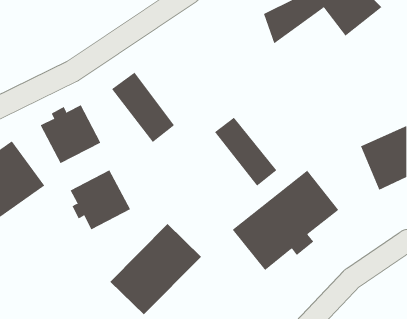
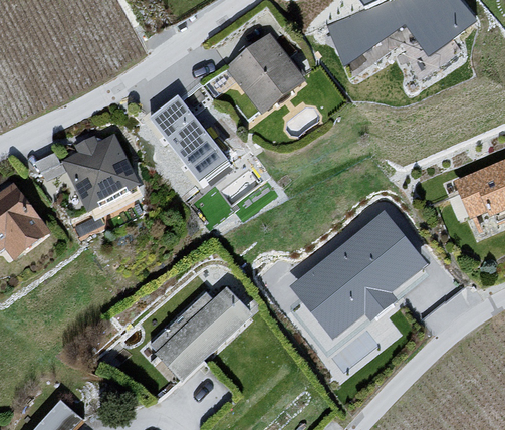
building: none -> [227,36,299,109]
building: [214,117,277,187] -> none
building: [70,170,131,230] -> none

